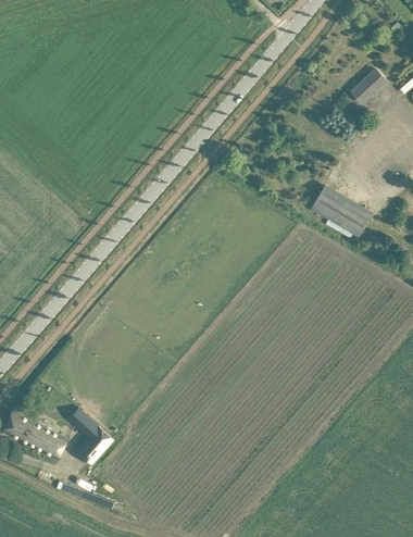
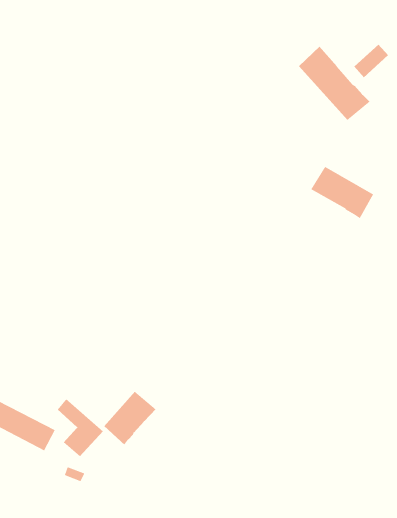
building: none -> [298,46,370,121]
building: none -> [103,391,156,446]

